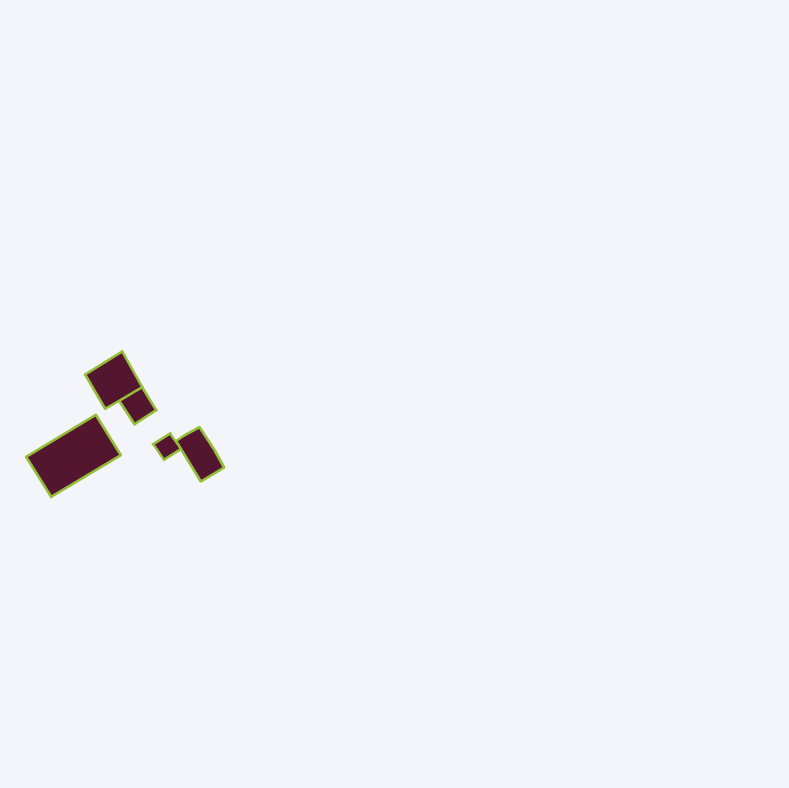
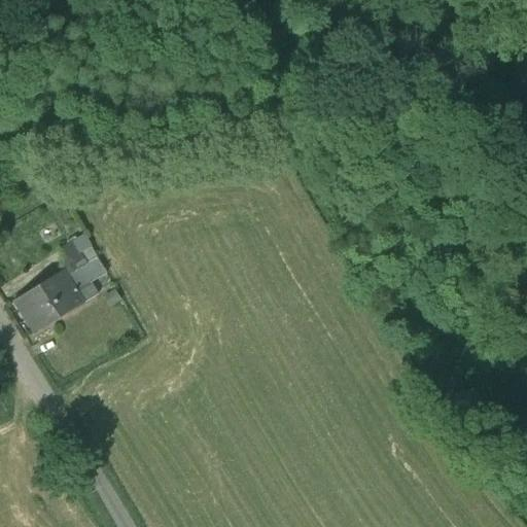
building: [176,427,224,481] -> [64,267,96,303]

